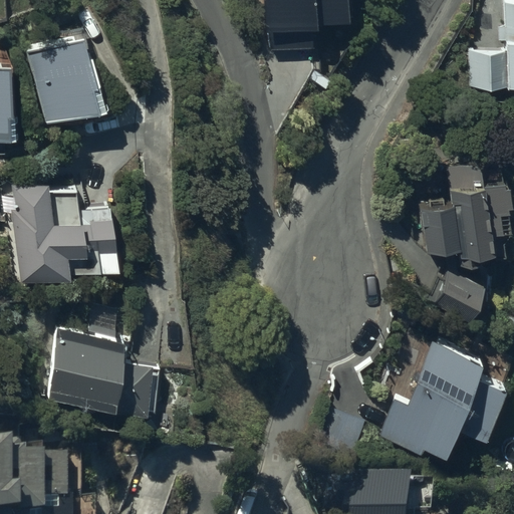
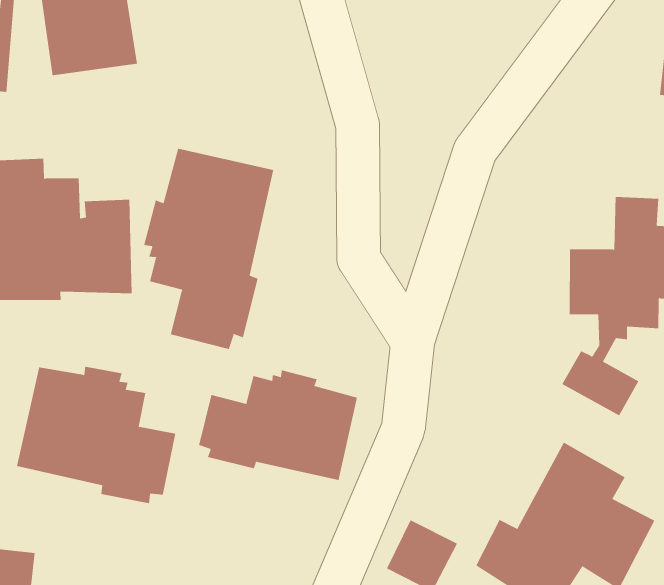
building: none -> [143,148,274,350]
building: none -> [198,369,358,481]

